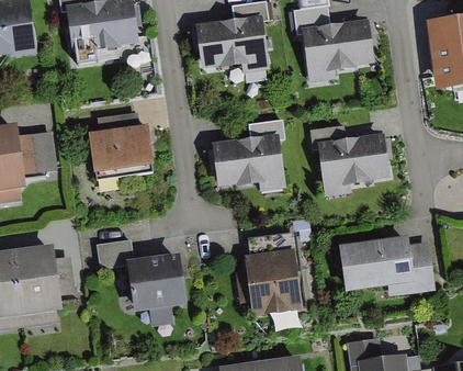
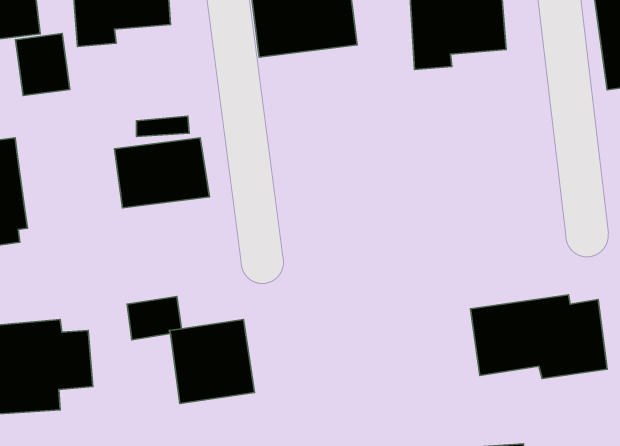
building: [211,122,286,190] -> none
building: [310,125,384,198] -> none
building: [21,131,59,175] -> [16,33,70,96]
building: [237,236,298,315] -> none

